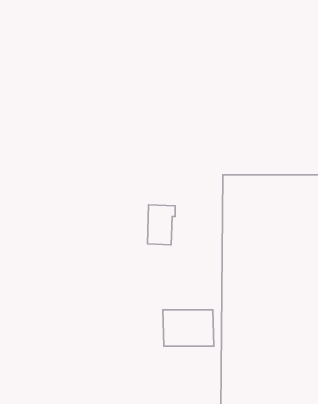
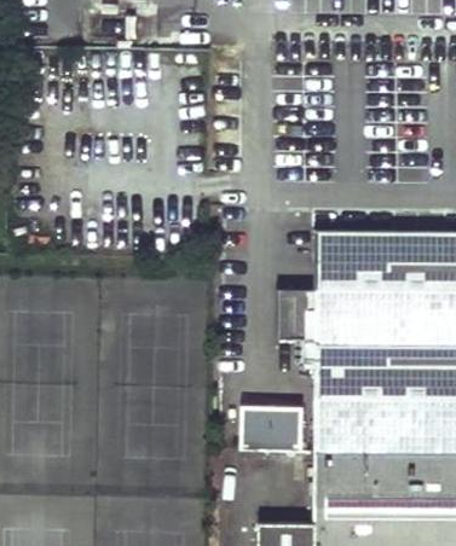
building: [148,205,175,245] -> [275,291,308,341]

